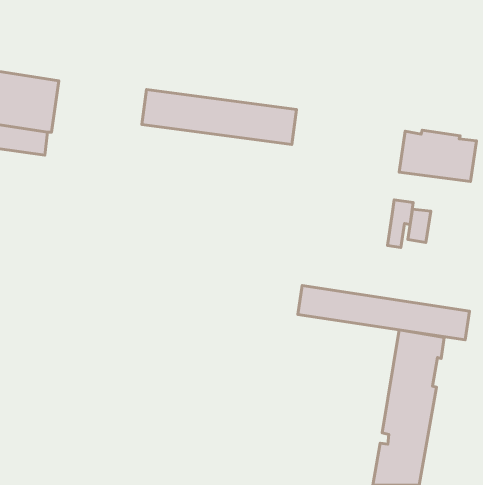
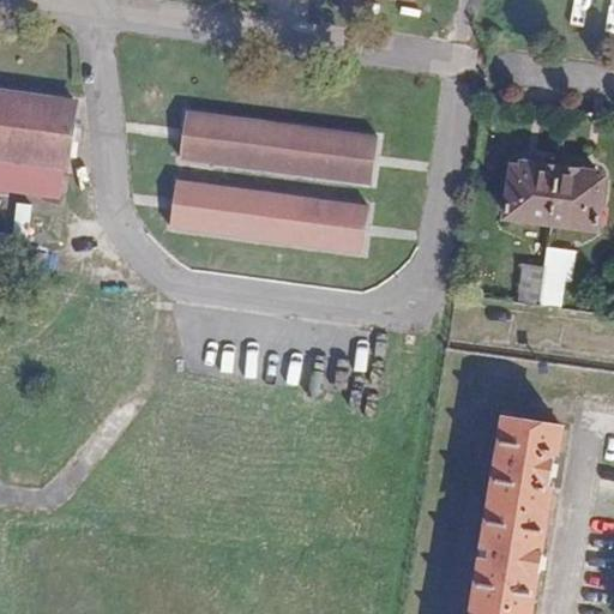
building: none -> [170,182,365,252]
building: [387,200,413,247] -> [537,248,570,308]
building: [298,286,469,340] -> none

